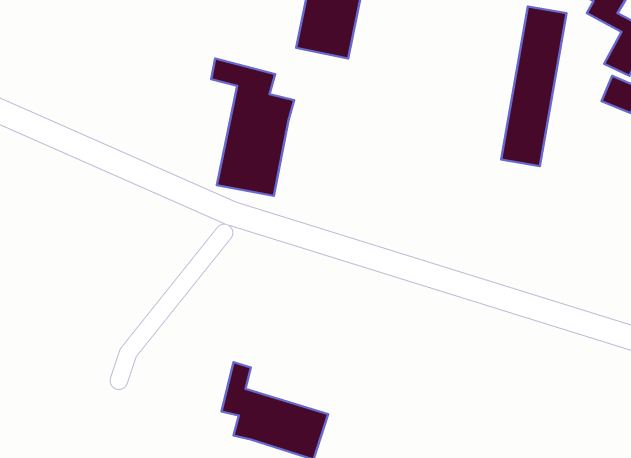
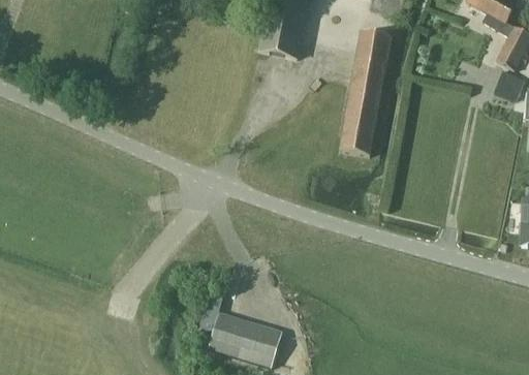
building: [501,6,566,166] -> [340,31,391,155]
building: [211,58,294,196] -> none

